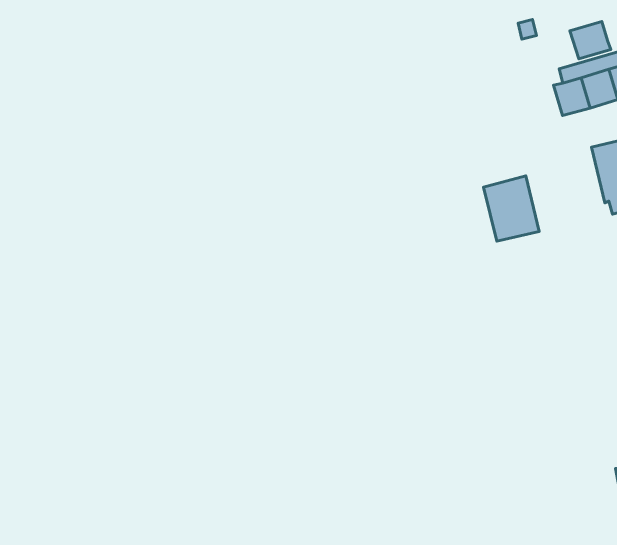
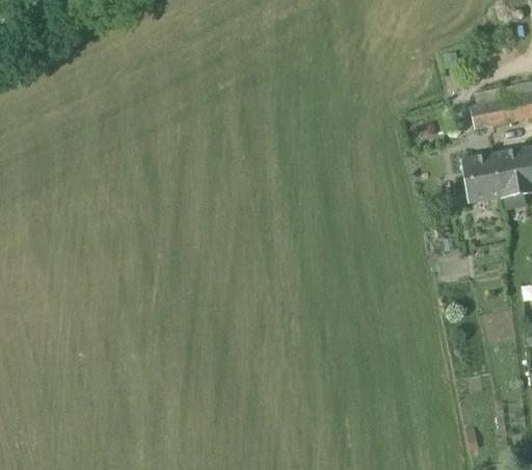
building: [570,21,611,59] -> none
building: [483,176,539,241] -> [462,153,503,202]

